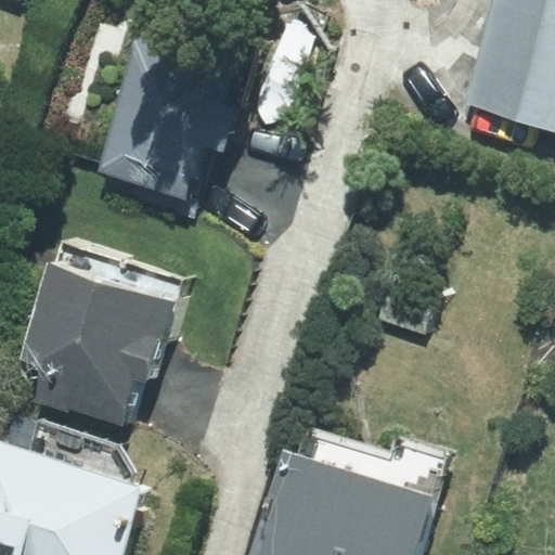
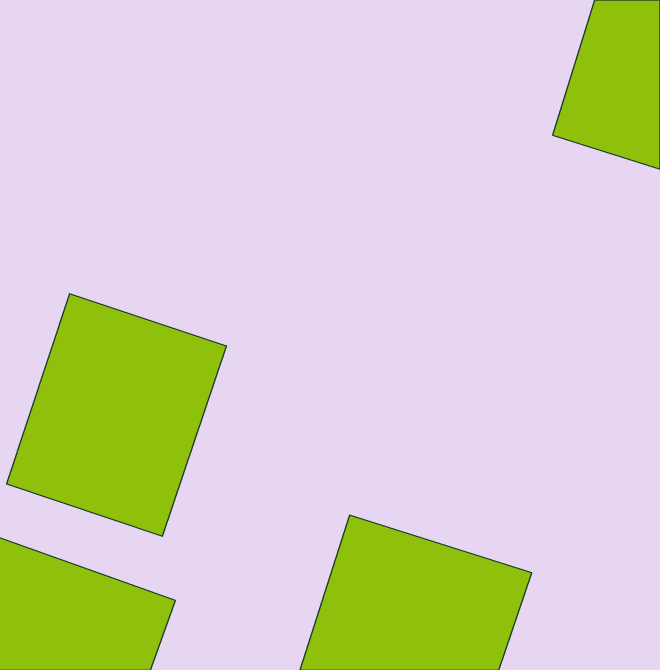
building: [102,46,245,212] -> none

